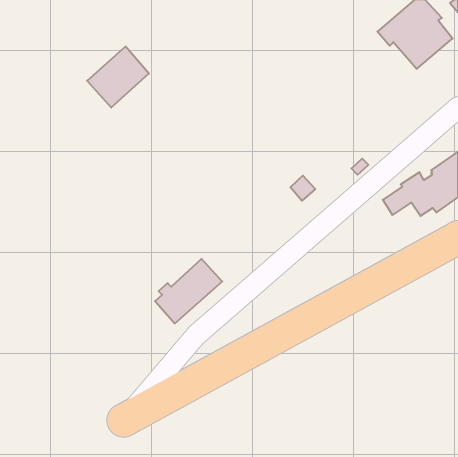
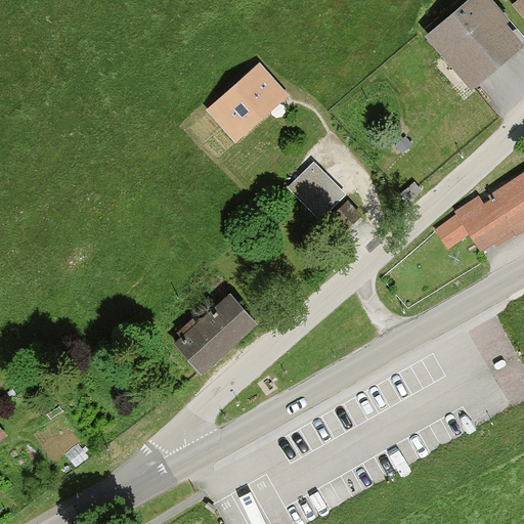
building: [87,47,149,108] -> [212,67,282,136]
building: none -> [289,165,343,219]

